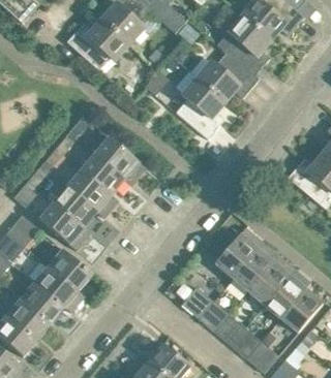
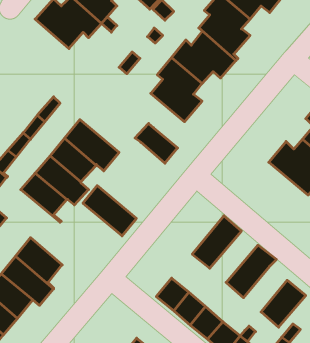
building: none -> [135,123,178,163]
building: [39,202,90,250] -> [83,186,136,236]
building: [232,242,277,290] -> none
building: [264,269,310,318] -> none

